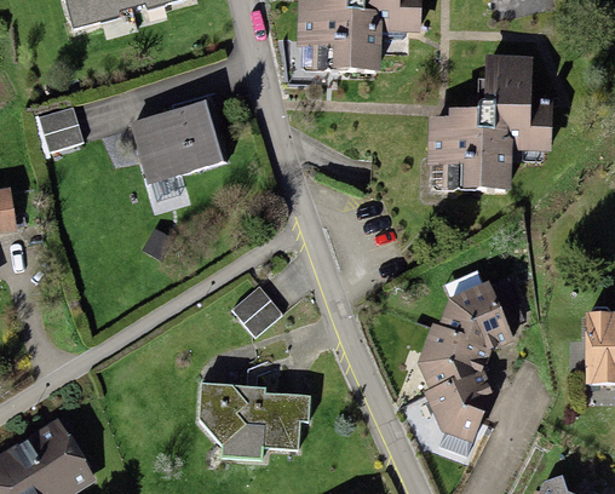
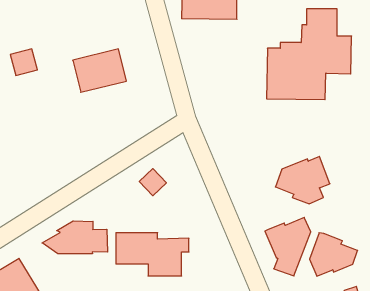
building: [419,320,492,385] -> [310,233,358,276]
building: none -> [42,221,108,254]

